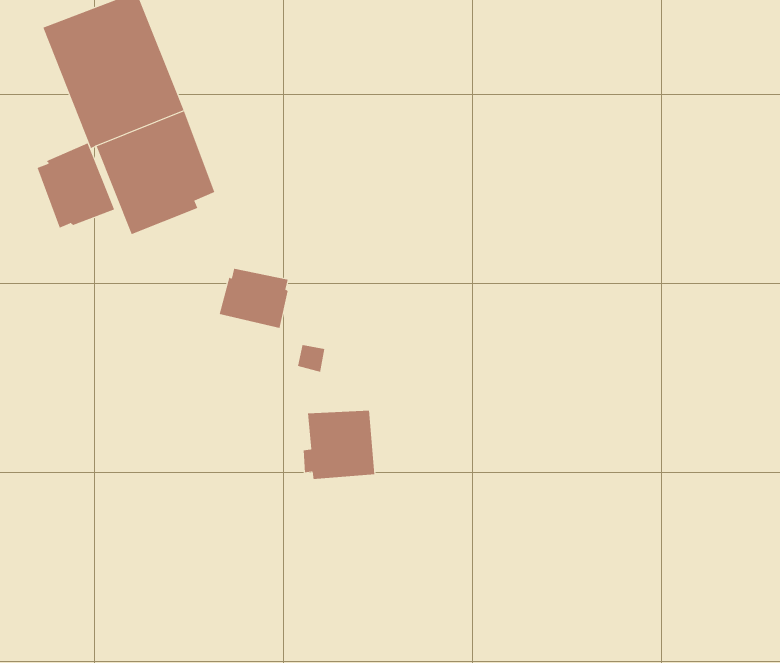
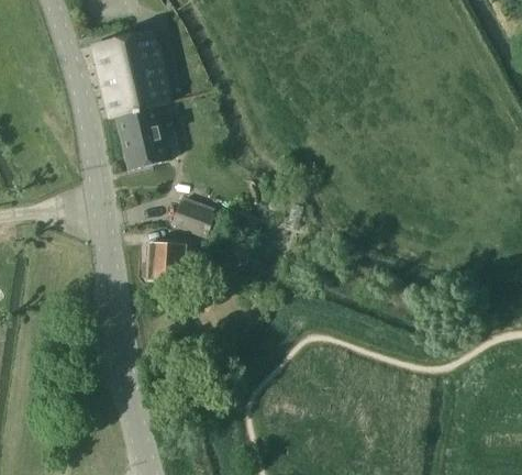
building: [37,143,115,228] -> none
building: [303,410,375,479] -> [140,240,182,280]

